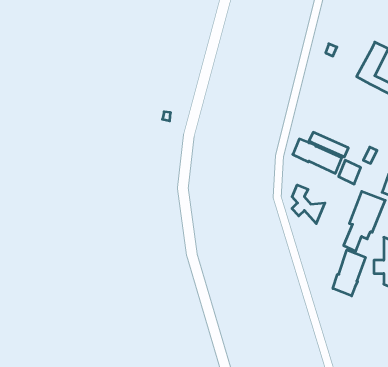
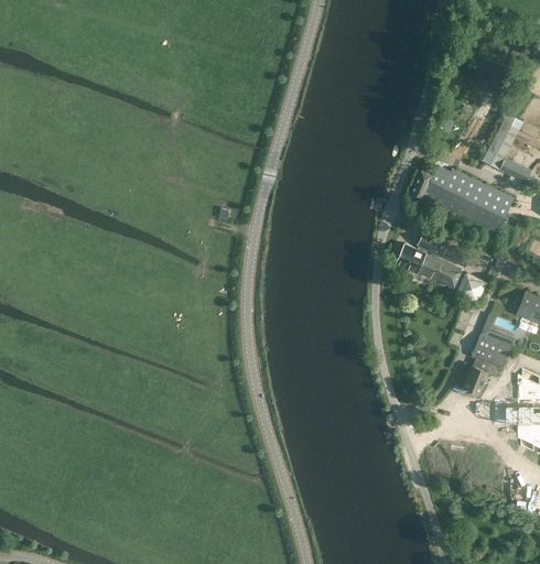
building: none -> [410,166,515,236]
building: [292,185,325,224] -> none
building: [333,250,365,296] -> none

